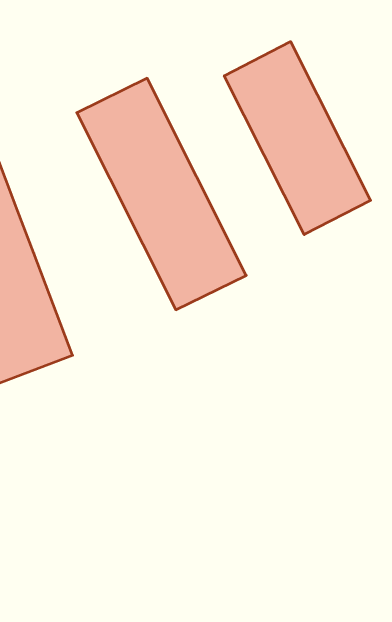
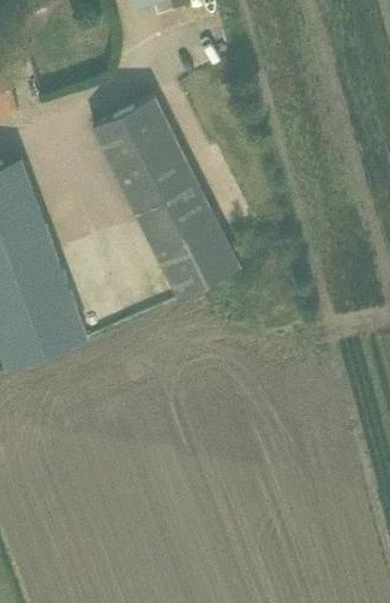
building: [224,42,371,235] -> none

